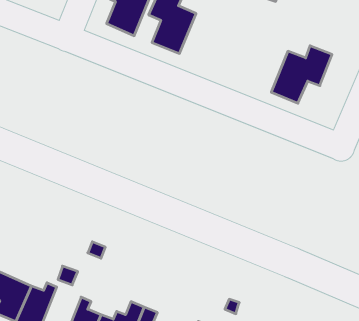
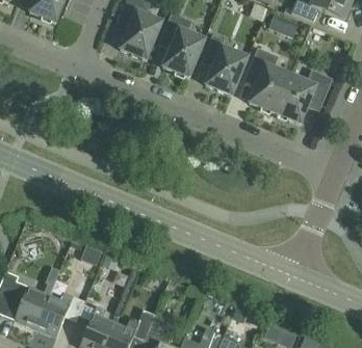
building: none -> [203,33,248,95]
building: none -> [245,47,290,112]

